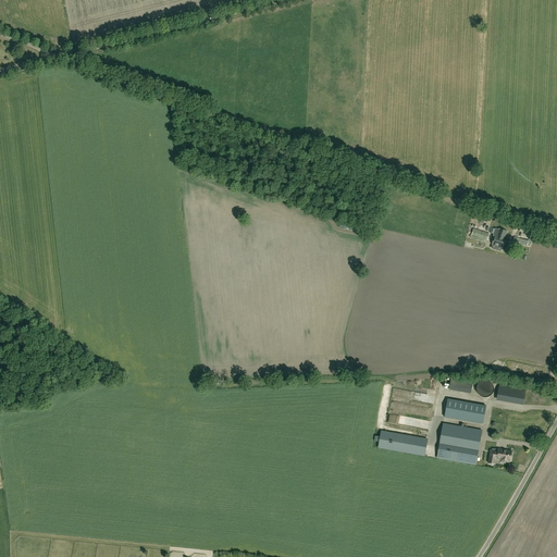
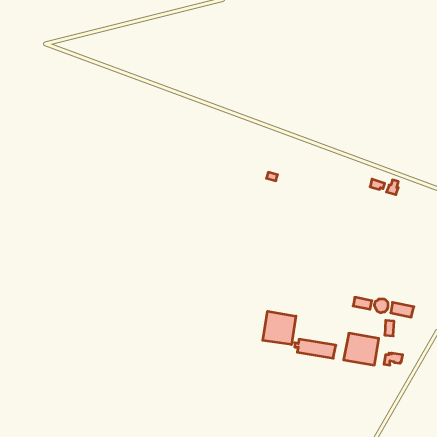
building: none -> [263,311,296,345]
building: [444,398,485,423] -> none

